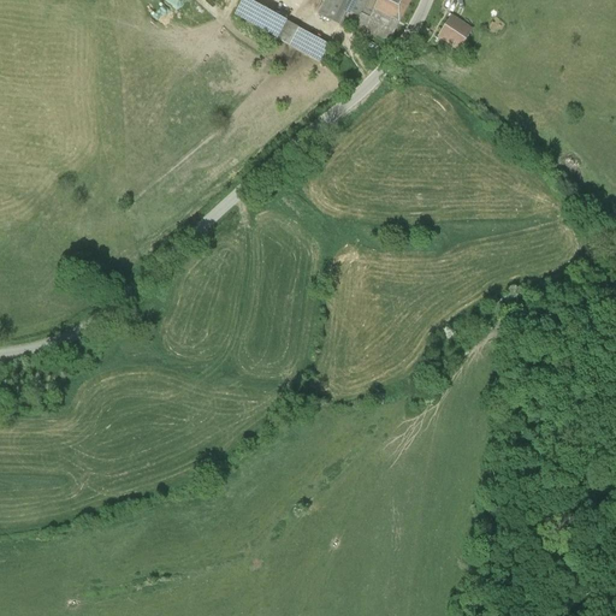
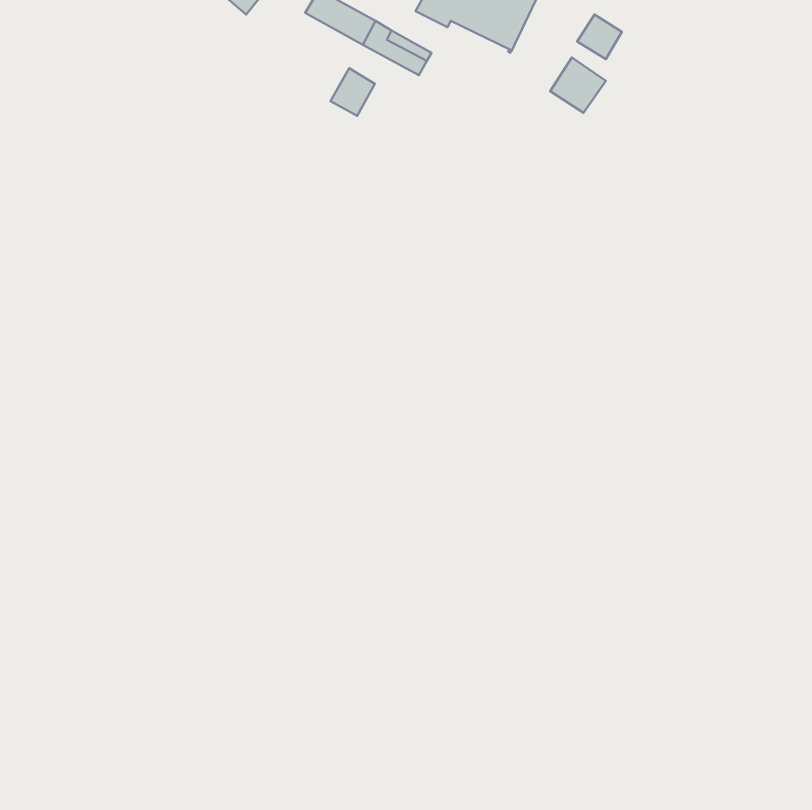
building: none -> [550,58,606,113]
building: none -> [330,68,375,116]

